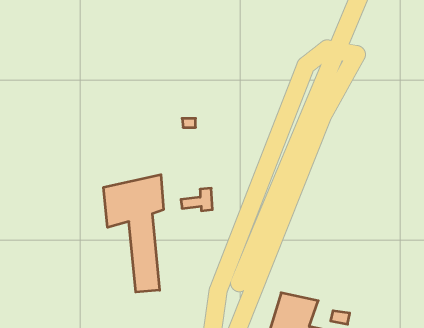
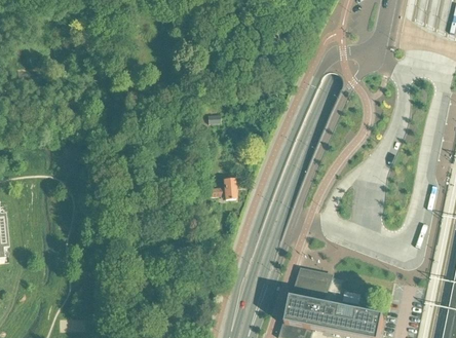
building: [104,175,163,292] -> none

